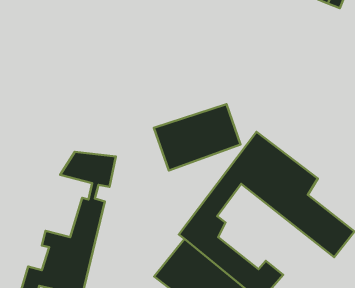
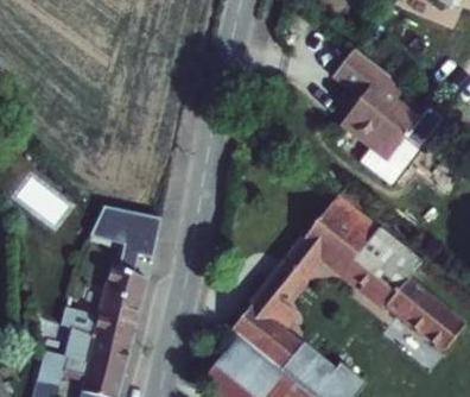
building: none -> [342,44,428,194]
building: [154,104,240,170] -> none

